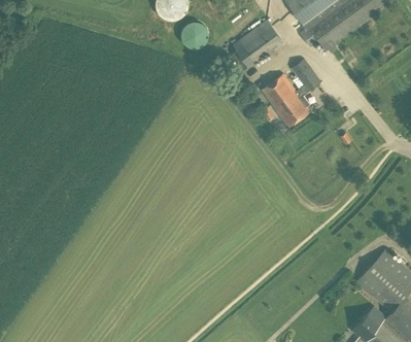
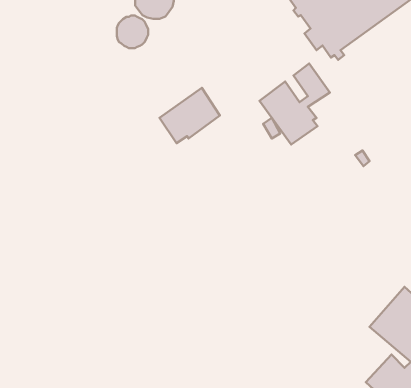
building: [231,20,282,67] -> [159,88,220,143]
building: [180,22,207,49] -> [117,16,148,48]

